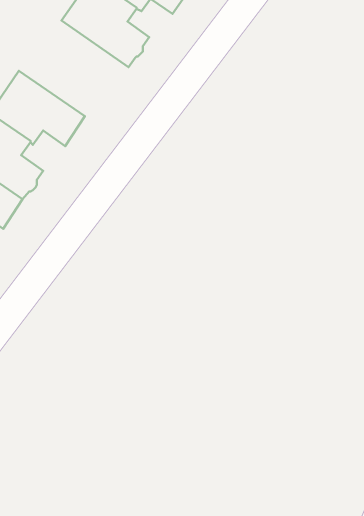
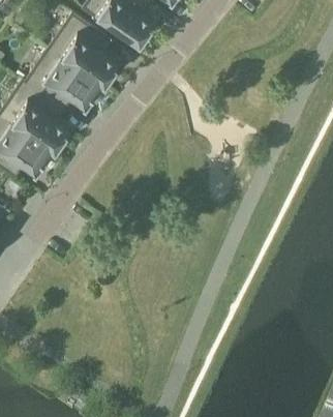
building: none -> [44,23,114,94]

